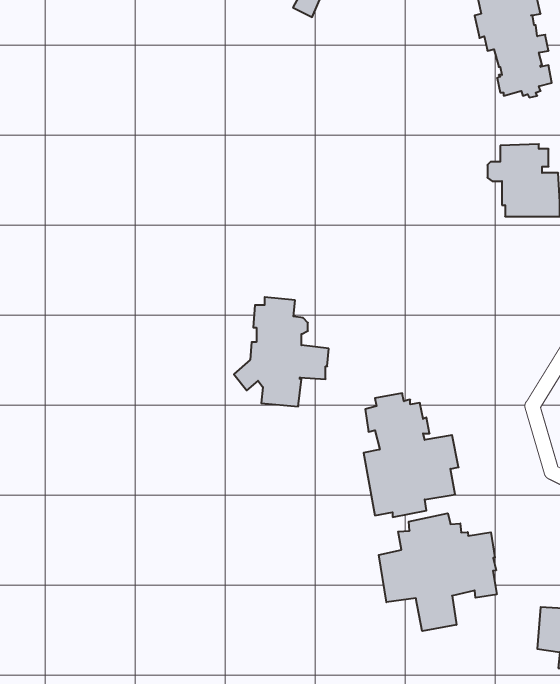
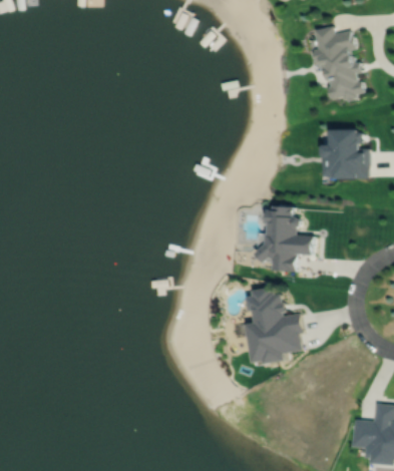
building: [234,297,329,406] -> [256,203,315,272]
building: [379,513,497,631] -> none

